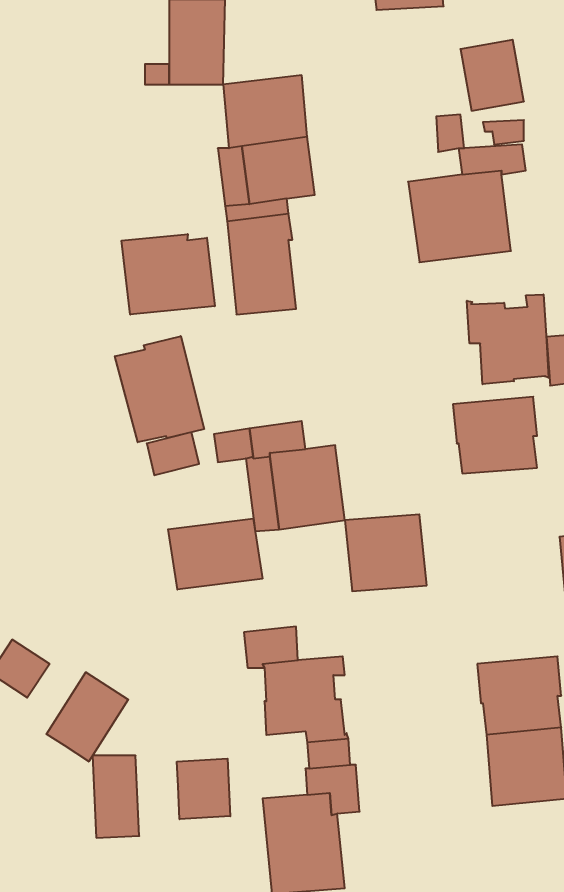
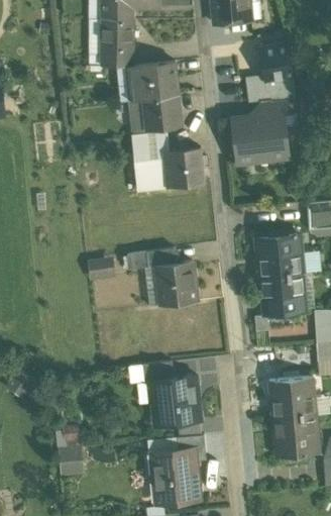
building: [122,234,215,315] -> none
building: none -> [168,147,204,188]
building: [467,294,549,384] -> none
building: [115,336,204,442] -> none
building: [345,514,427,591] -> [261,274,306,315]
building: [168,518,262,590] -> none
building: [46,672,128,762] -> none
building: [177,759,230,819] -> none

